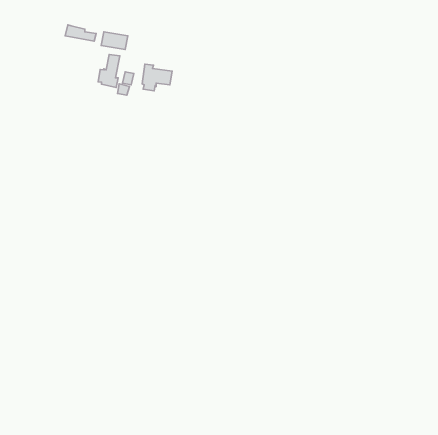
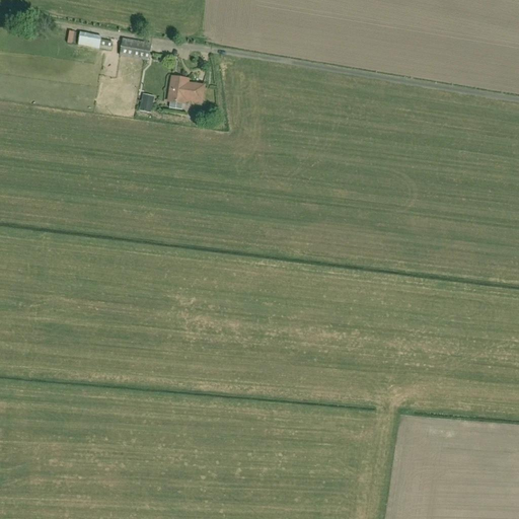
building: [98,55,120,87] -> none

